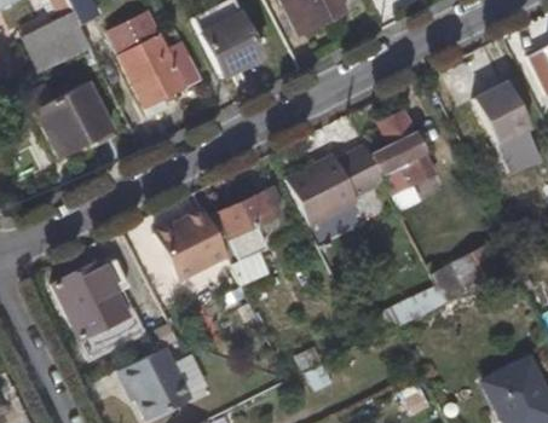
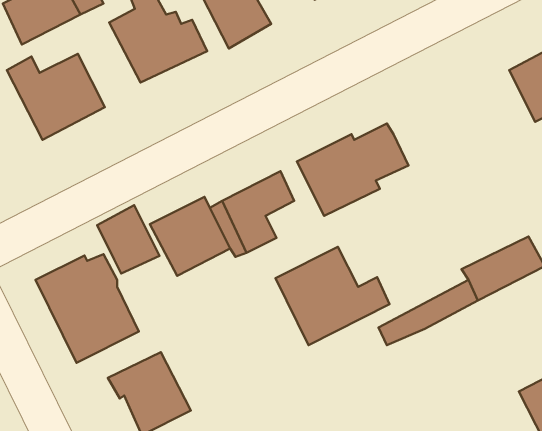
building: [370,109,437,196] -> none
building: none -> [97,205,160,274]
building: none -> [275,247,389,345]

